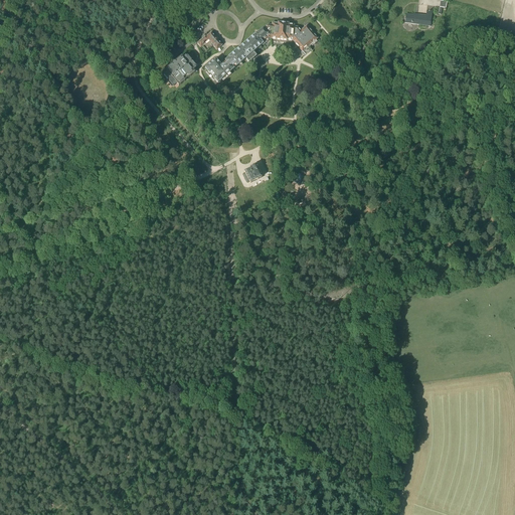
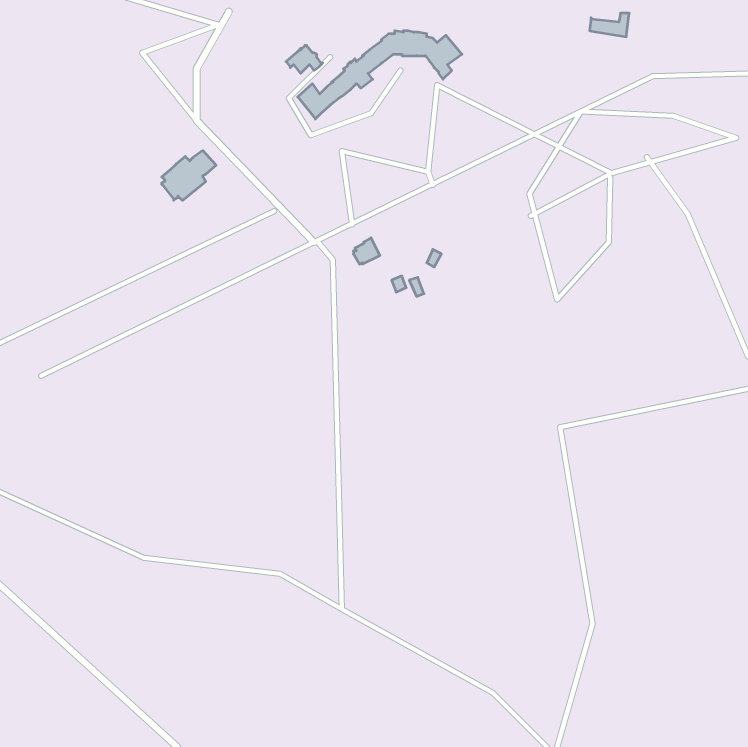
building: [164,50,201,84] -> [162,151,216,200]

